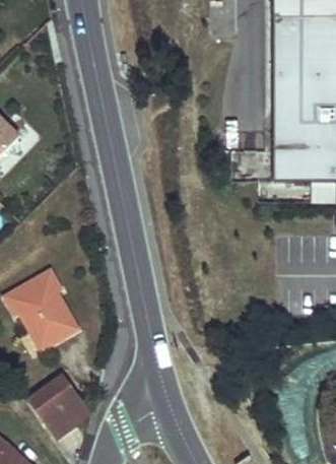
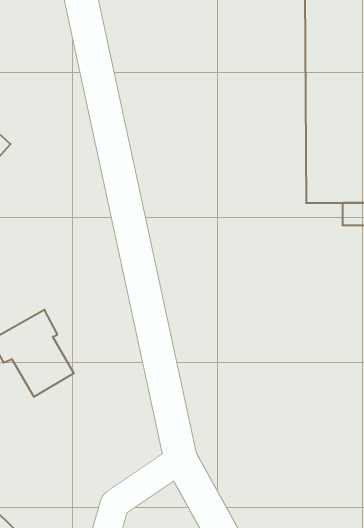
building: [28,376,89,438] -> none

